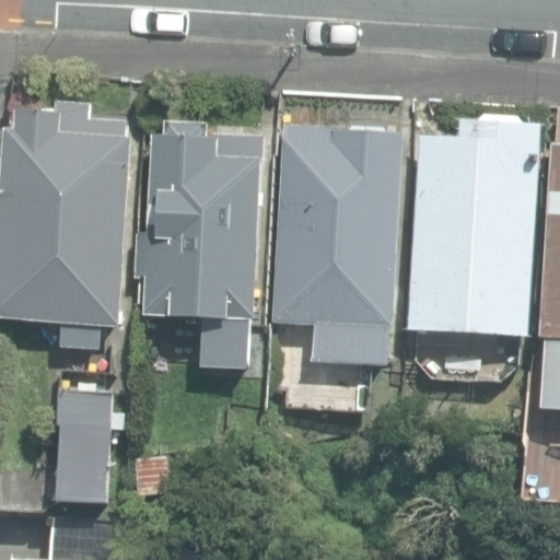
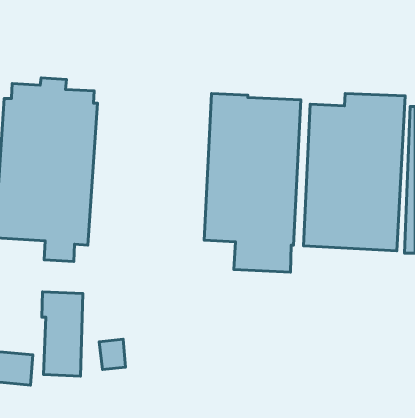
building: [136,120,264,352] -> none

